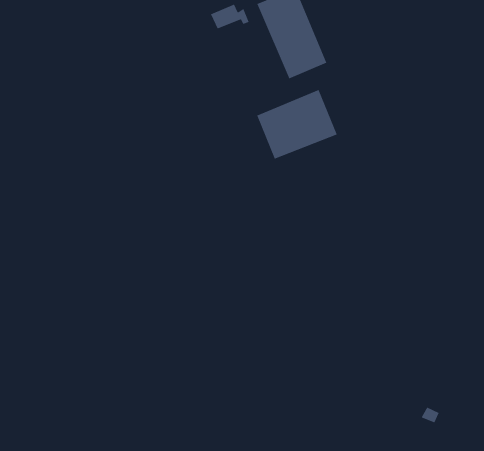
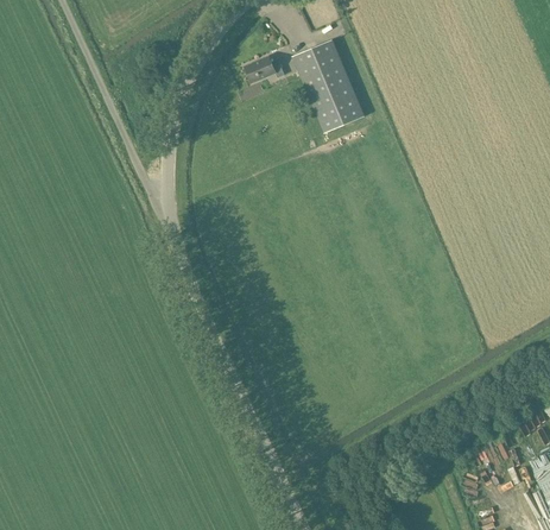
building: [256,89,338,160] -> none

